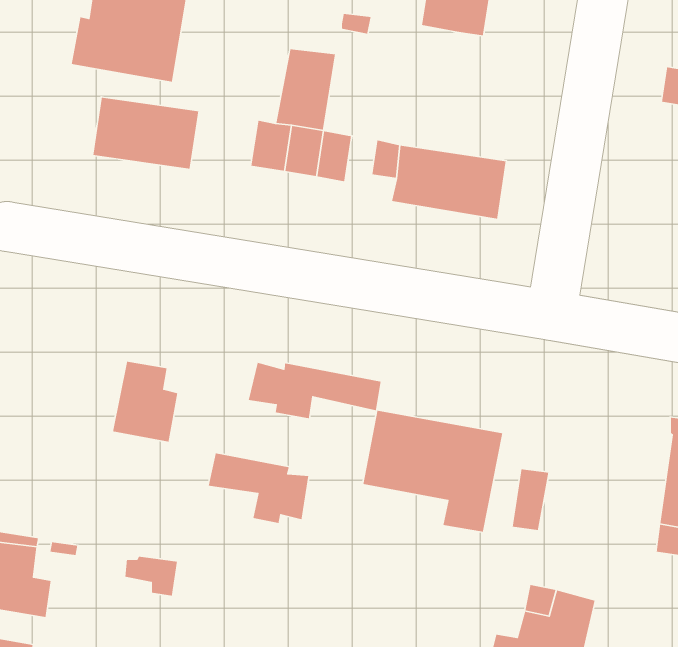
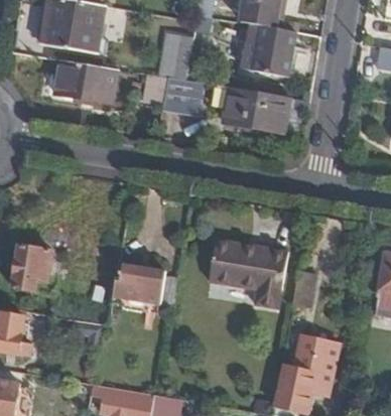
building: none -> [254,26,295,80]
building: [112,361,178,443] -> [12,248,49,294]
building: [248,362,381,419] -> none

